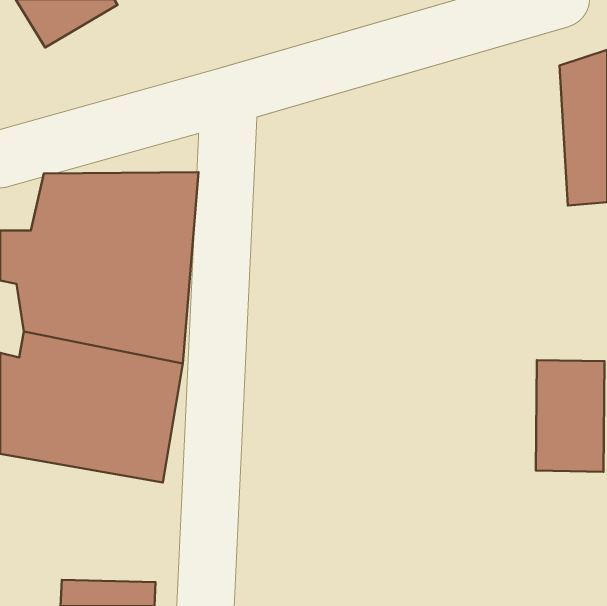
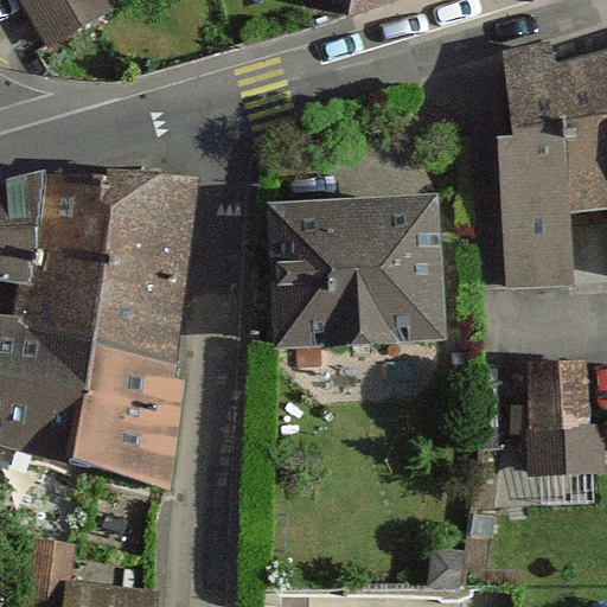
building: none -> [498,65,570,288]
building: none -> [258,196,442,347]

